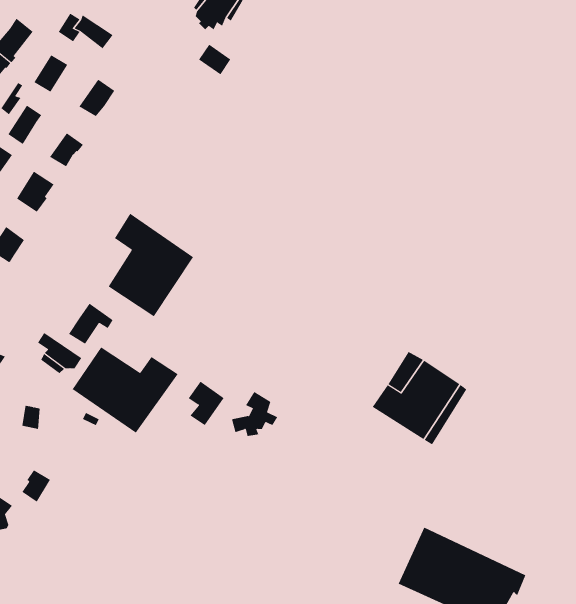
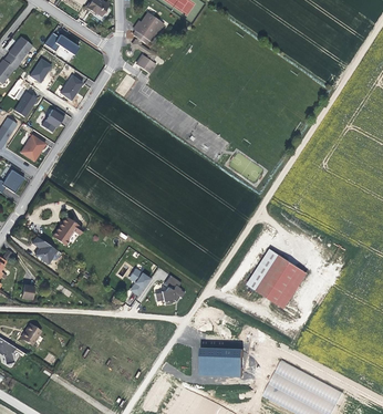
building: [108,213,194,317] -> none
building: [72,346,178,434] -> none
building: none -> [198,348,242,377]

